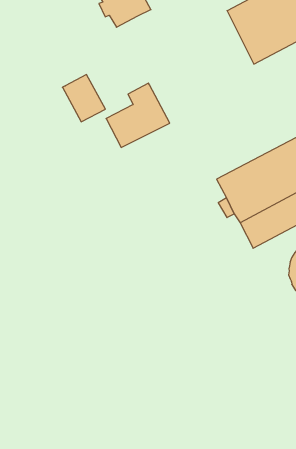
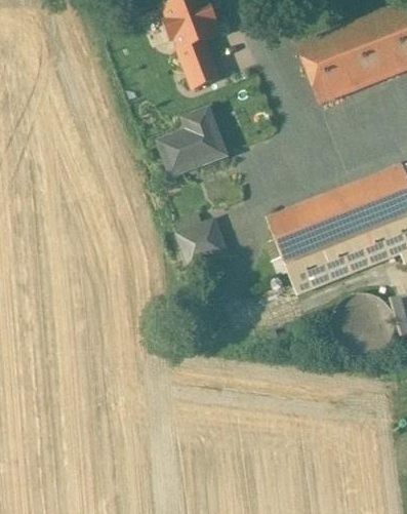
building: [62,75,105,122] -> [177,39,219,87]
building: none -> [177,214,226,265]

